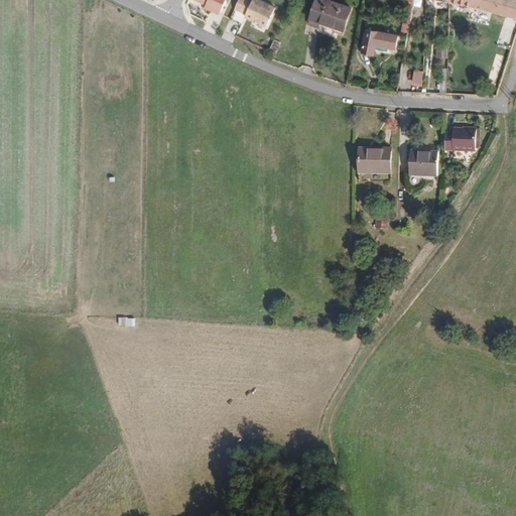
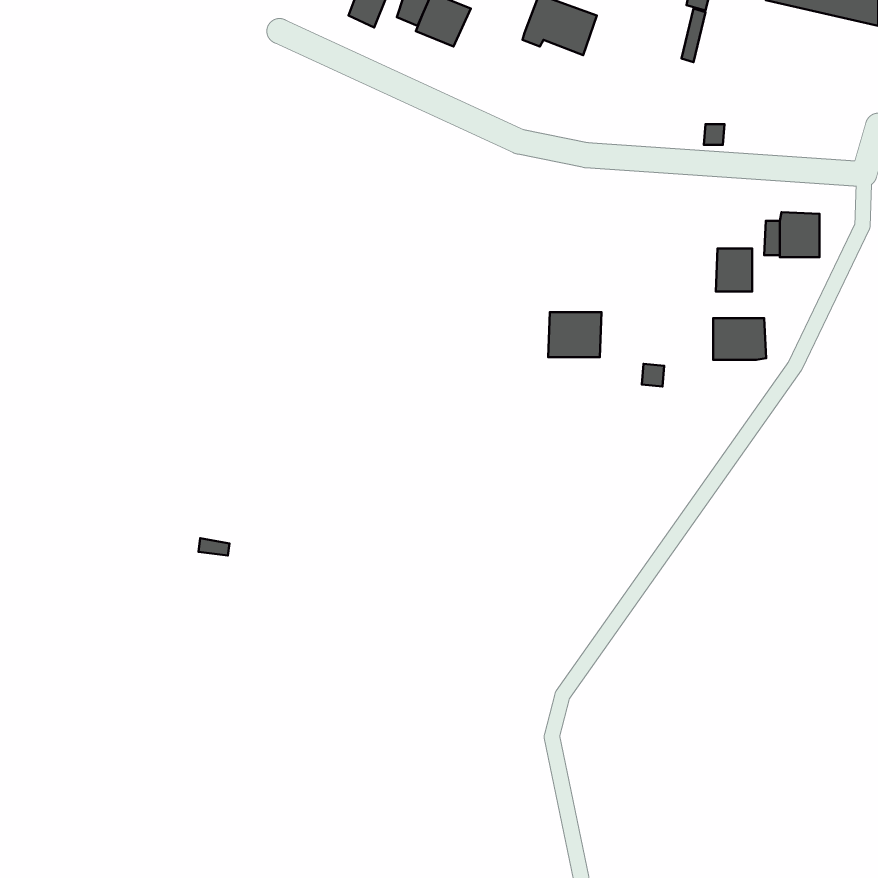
building: [360,29,397,56] -> none
building: [359,142,390,168] -> [548,312,602,357]
building: none -> [713,318,766,360]

